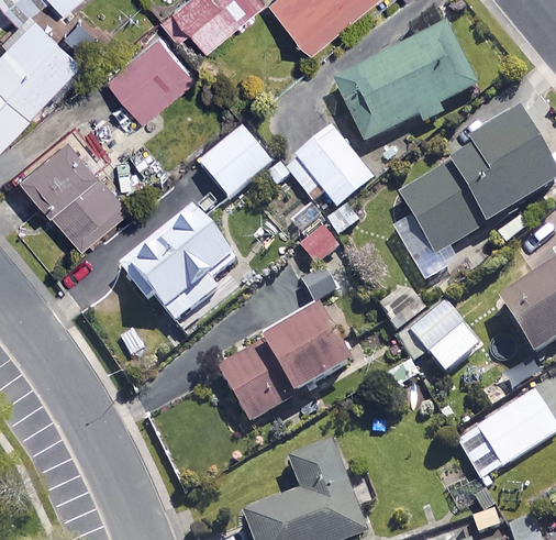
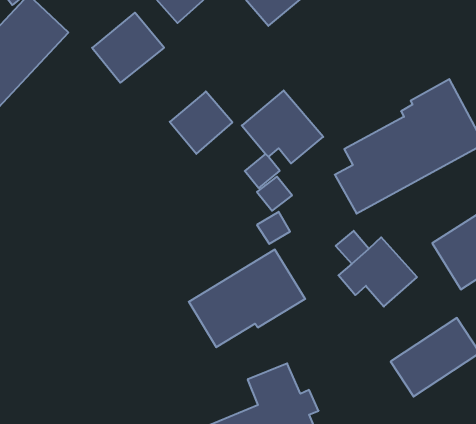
building: [335,24,478,141] -> none
building: [22,131,126,239] -> none
building: [119,202,235,319] -> none

